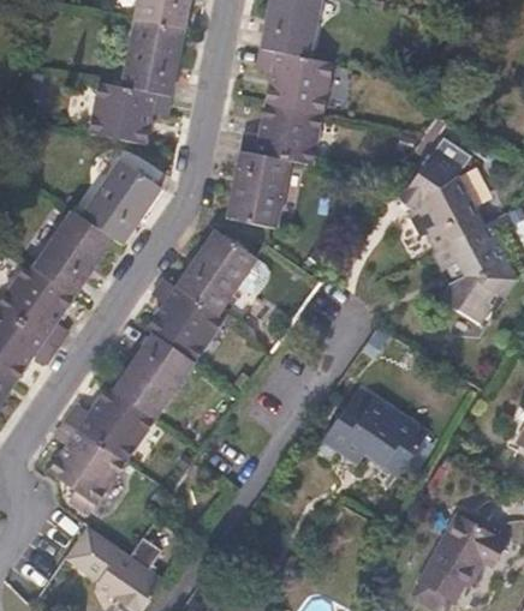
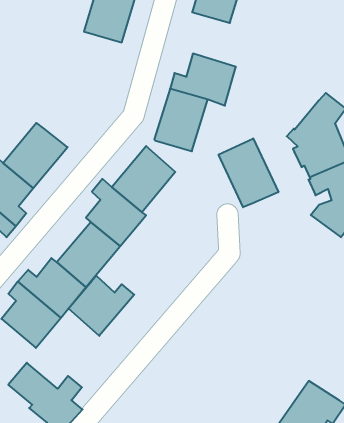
building: [255,48,332,114] -> none
building: [88,83,172,145] -> none
building: [79,160,161,245] -> none
building: none -> [219,138,278,207]
building: [321,396,422,473] -> none
building: none -> [68,276,134,336]

